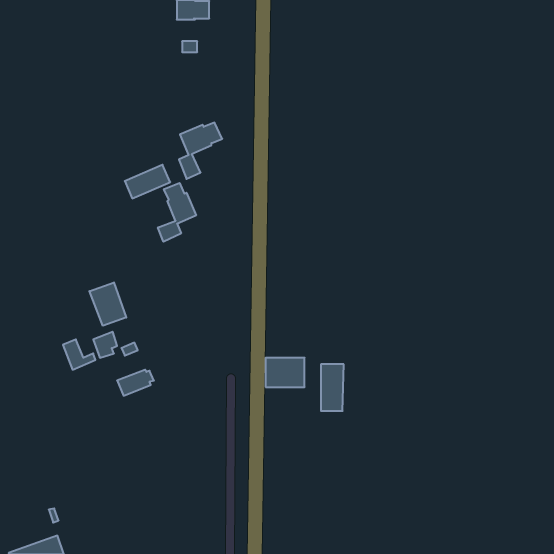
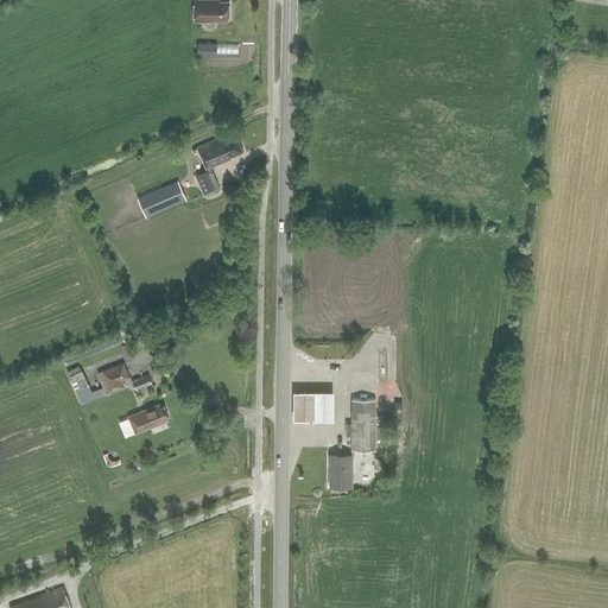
building: [158,183,196,242] -> none
building: [89,282,126,326] -> none
building: none -> [330,455,353,487]

